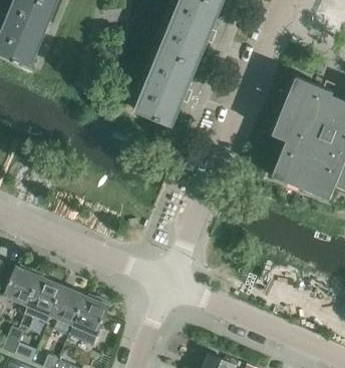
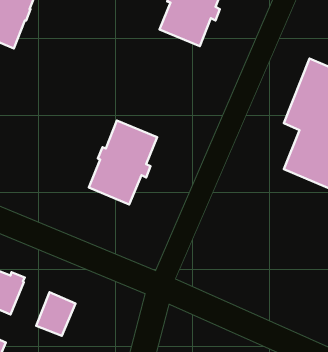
building: [134,50,196,125] -> [89,120,157,204]
building: [22,277,61,323] -> none
building: [72,296,107,335] -> none

